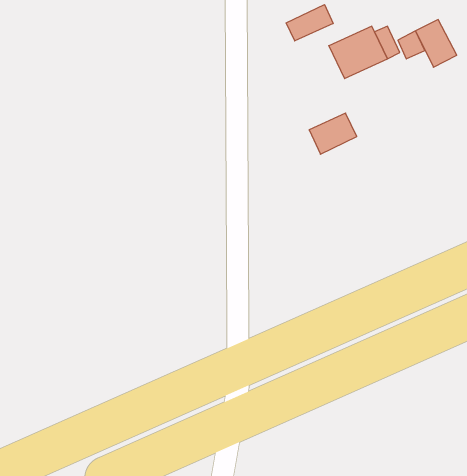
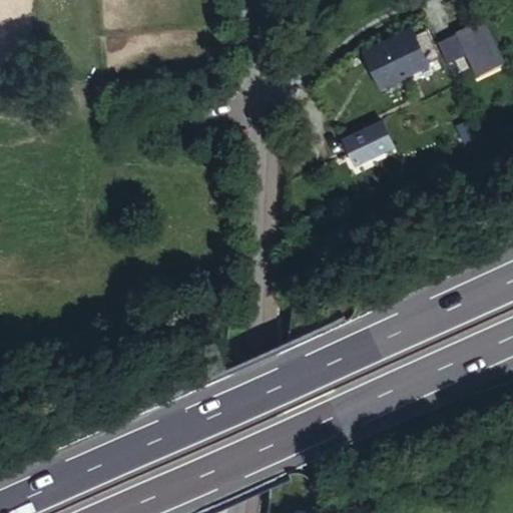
building: [286,5,333,41] -> none

